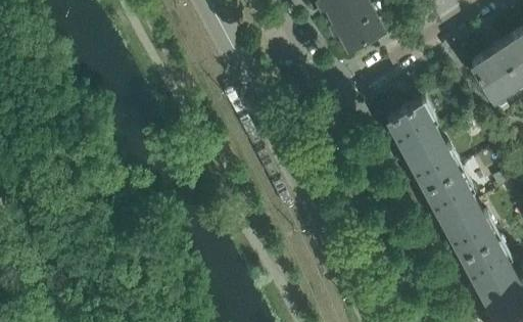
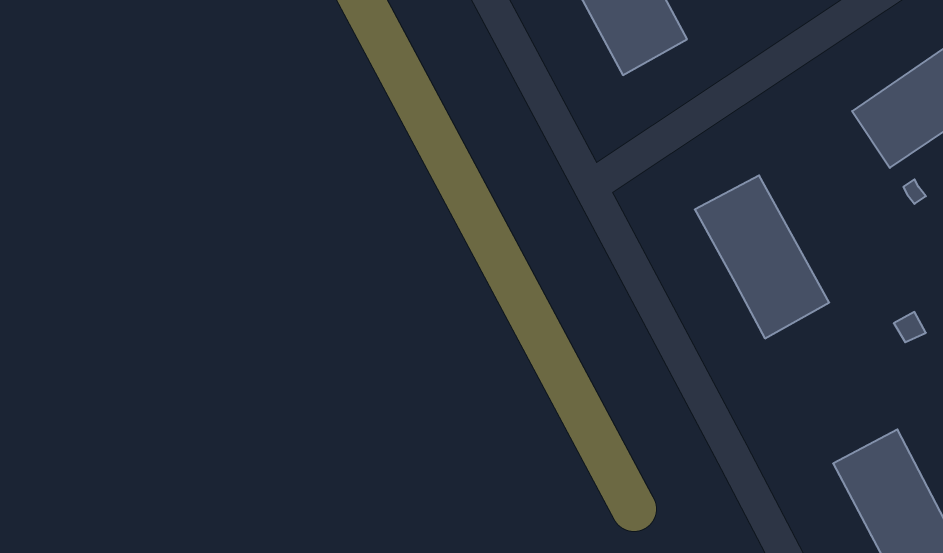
building: [425,173,496,260] -> none

